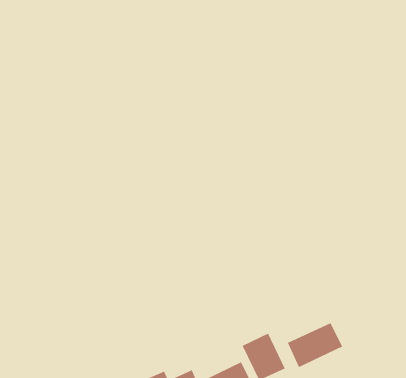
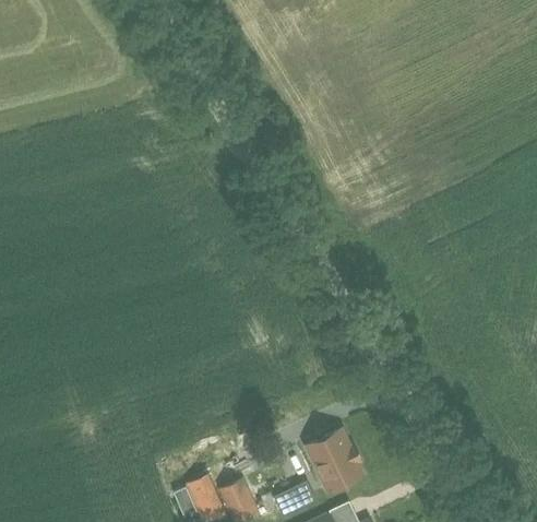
building: [287,322,343,368] -> none

